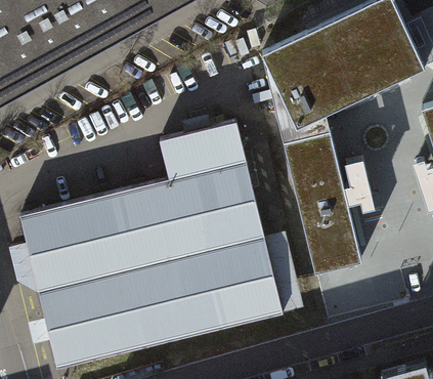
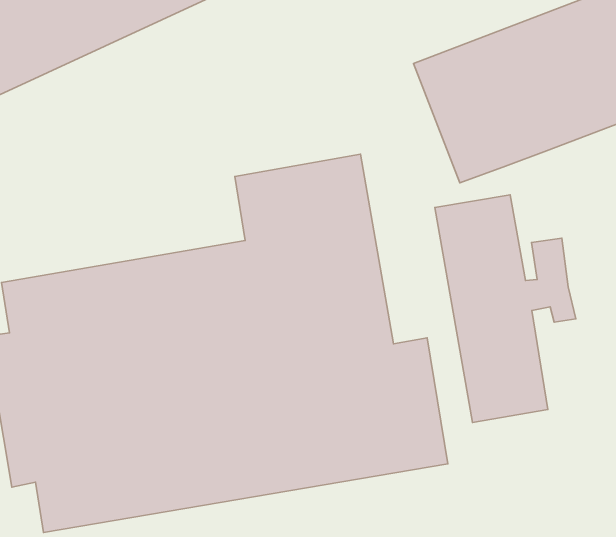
building: [264,61,330,150] -> none

